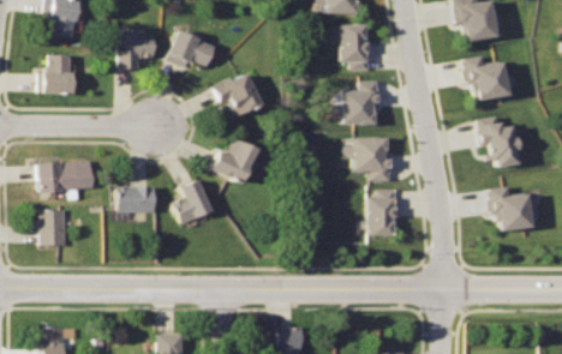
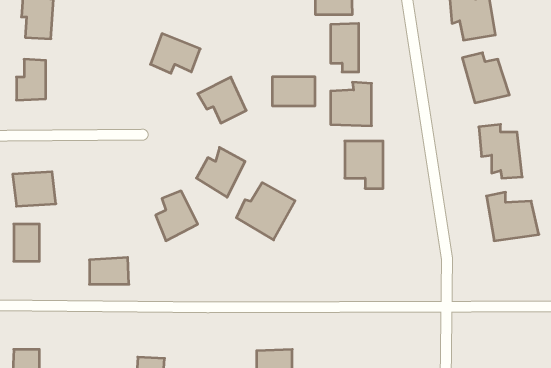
building: [119,31,155,70] -> none
building: none -> [273,77,315,106]
building: none -> [236,183,295,240]
building: [363,187,397,233] -> none
building: [120,188,157,214] -> [89,257,129,284]

